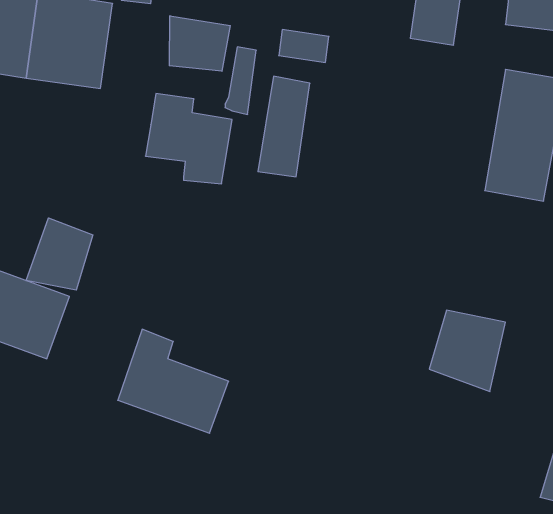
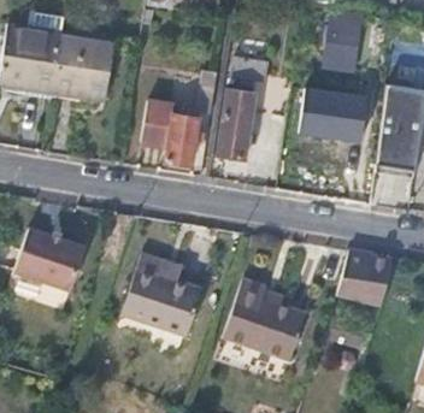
building: [169,16,230,71] -> none
building: none -> [313,98,355,141]
building: [26,218,93,290] -> none
building: none -> [226,279,308,358]

